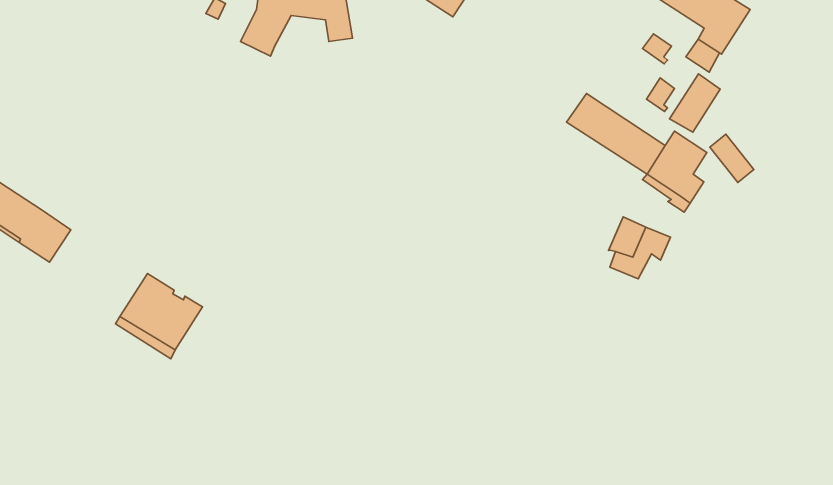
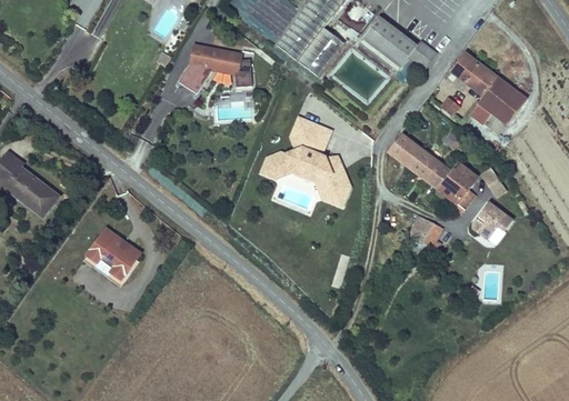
building: [670,74,720,132] -> [492,86,527,123]
building: none -> [259,114,351,208]
building: none -> [473,201,513,239]

